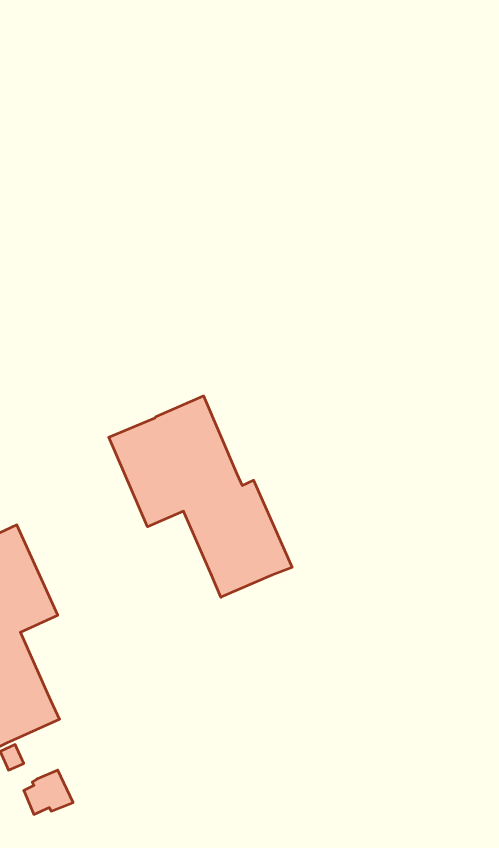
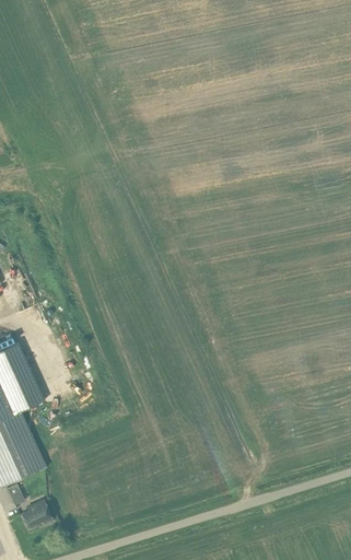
building: [109,396,292,597] -> none

